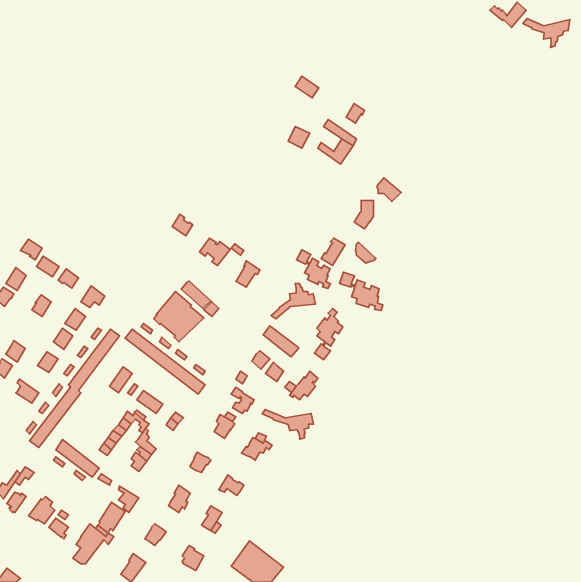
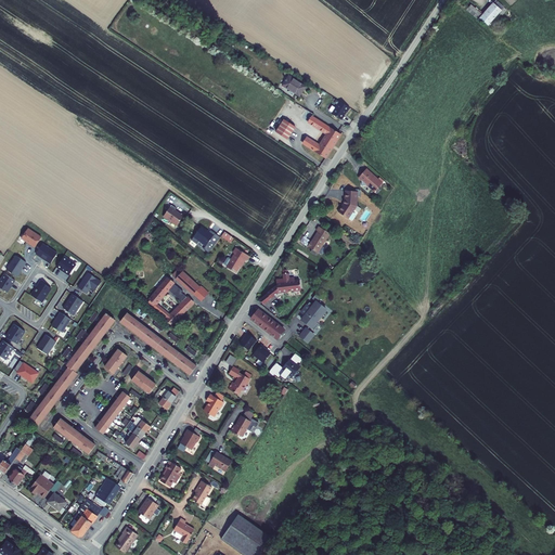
building: [523,19,570,47] -> none
building: [297,250,330,289] -> none
building: [339,272,383,311] -> none
building: [262,409,314,439] -> none

